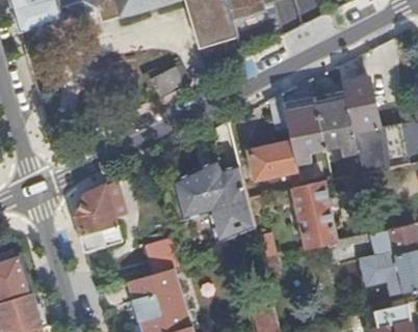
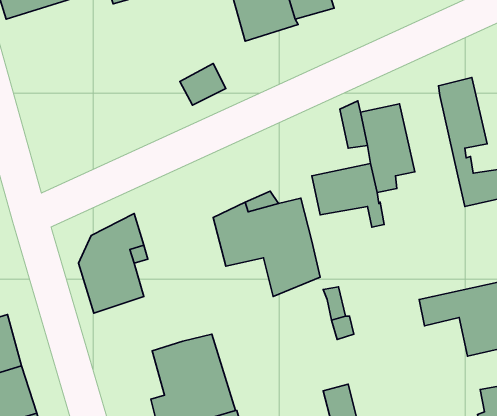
building: [313,90,357,154] -> none
building: [292,182,338,248] -> none
building: [142,237,181,274] -> none

